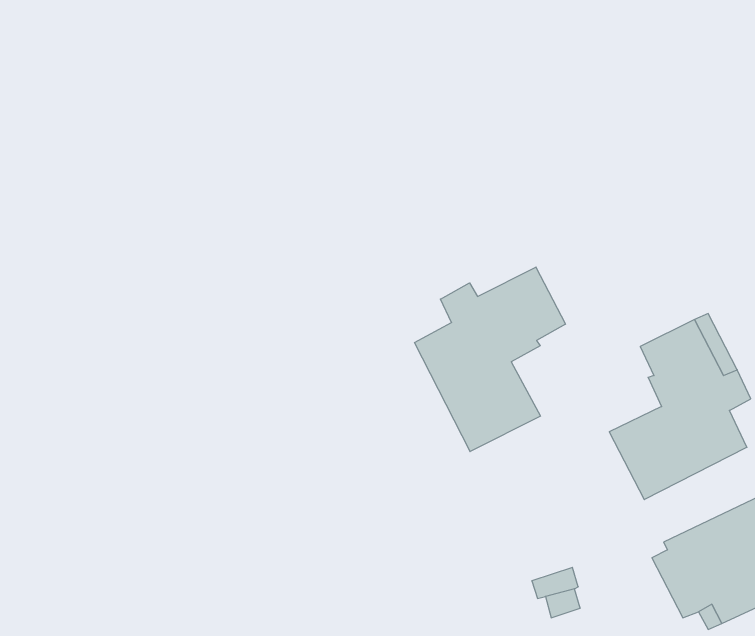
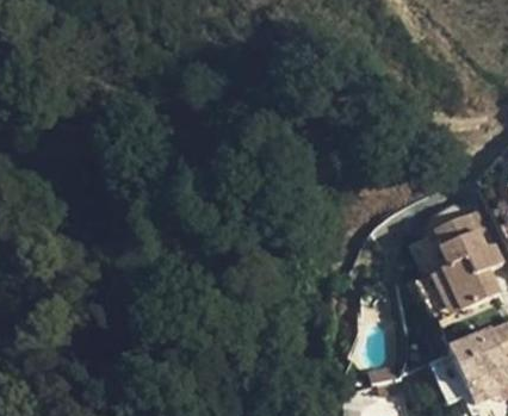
building: [415,267,565,452] -> none

